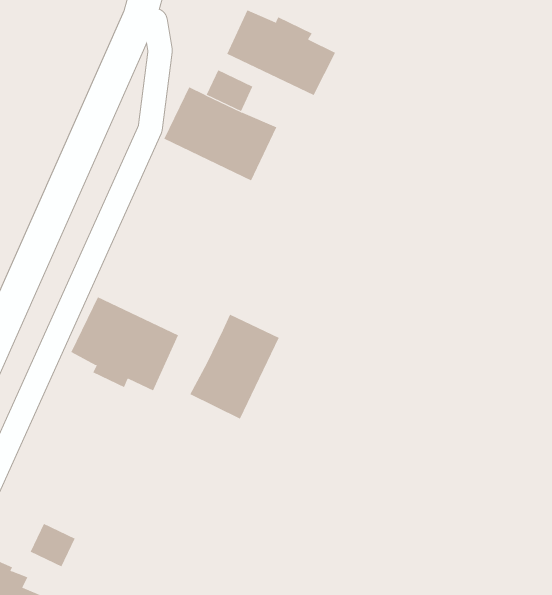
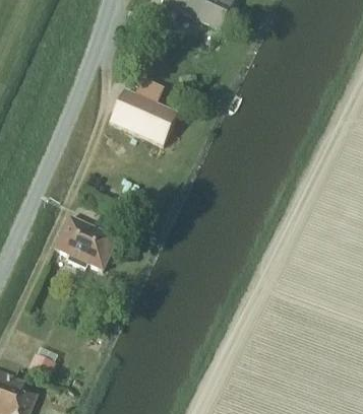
building: [226,10,336,96] -> none
building: [189,314,279,419] -> none

